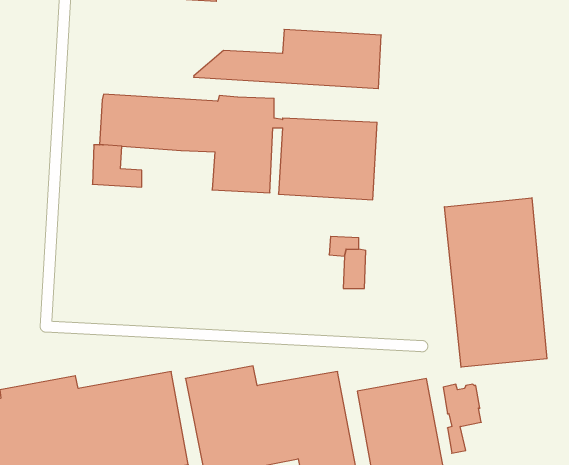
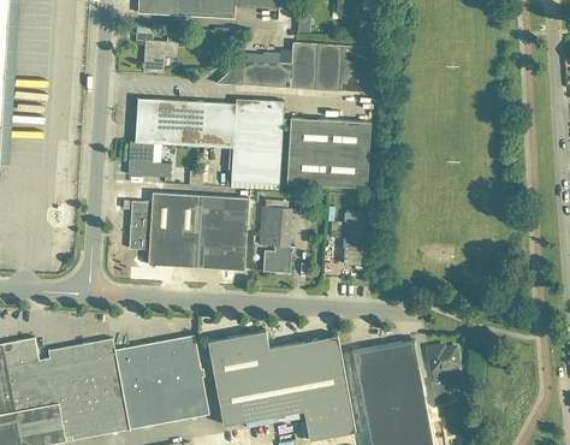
building: none -> [136,32,184,72]
building: [444,198,547,367] -> none
building: none -> [129,191,248,269]
building: none -> [260,206,291,272]

